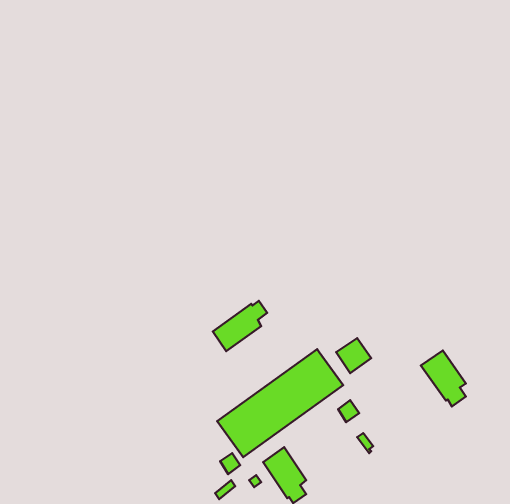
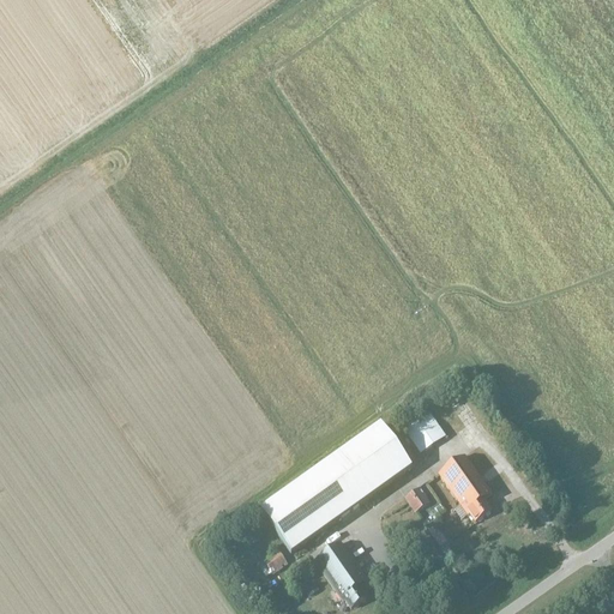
building: [213,301,267,351] -> none
building: [421,351,466,407] -> [439,450,493,517]

